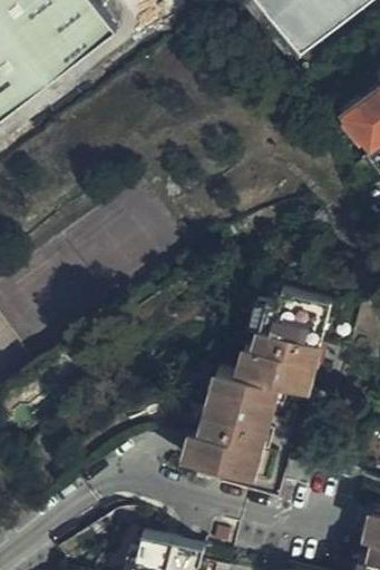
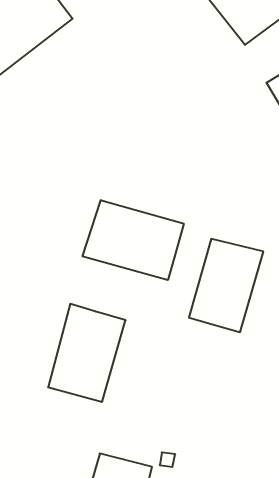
building: none -> [83,200,184,280]
building: [189,366,279,479] -> [48,304,126,402]

